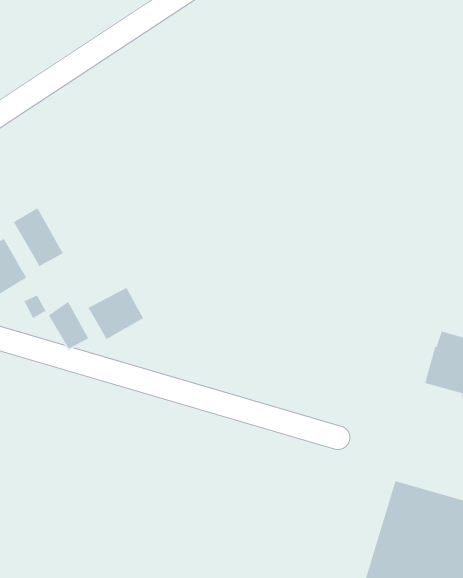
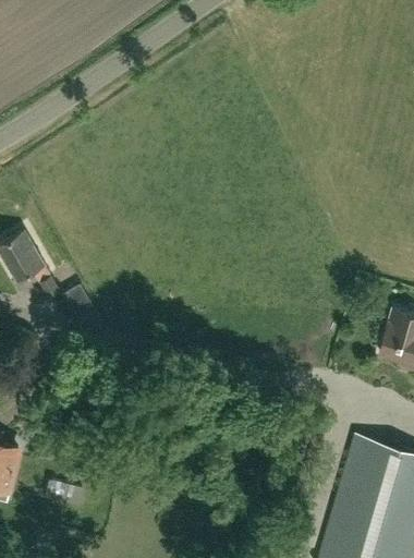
building: [13,207,64,267] -> none
building: [88,287,144,340] -> none

